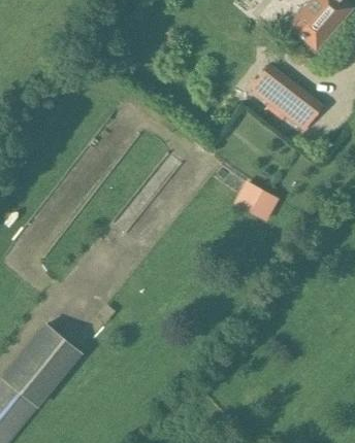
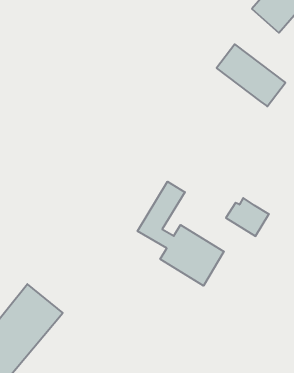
building: [233,180,280,221] -> [226,198,269,236]
building: none -> [138,182,224,286]

